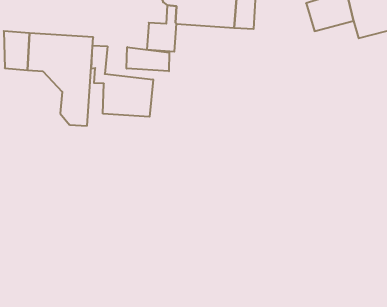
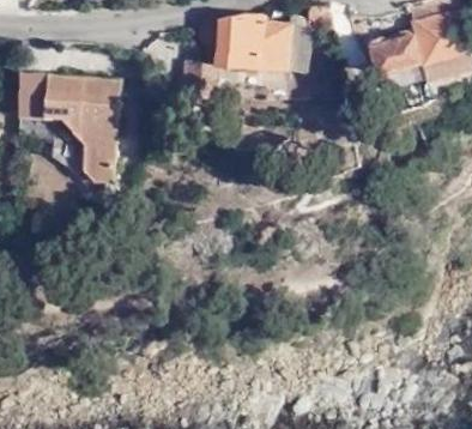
building: [92,46,153,117] -> none
building: [127,47,169,71] -> none

